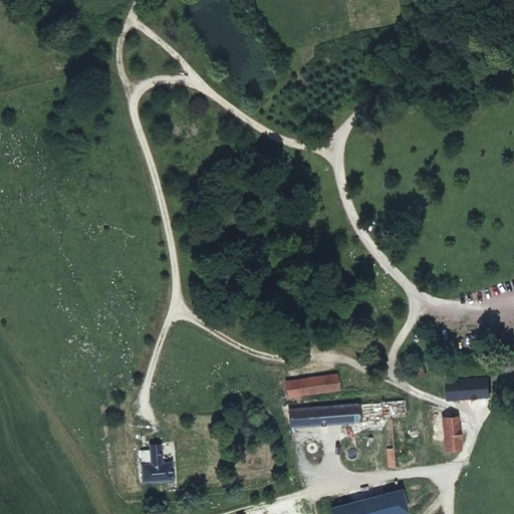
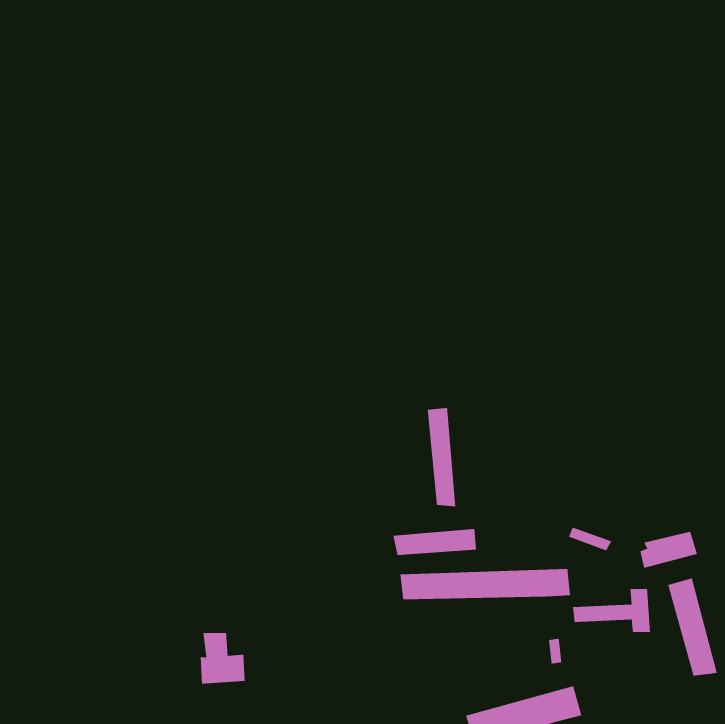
building: none -> [427,407,456,507]
building: none -> [668,578,717,677]

